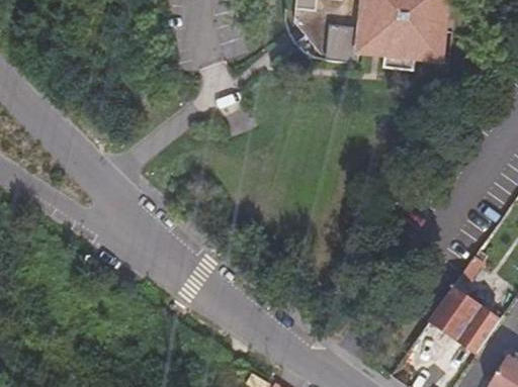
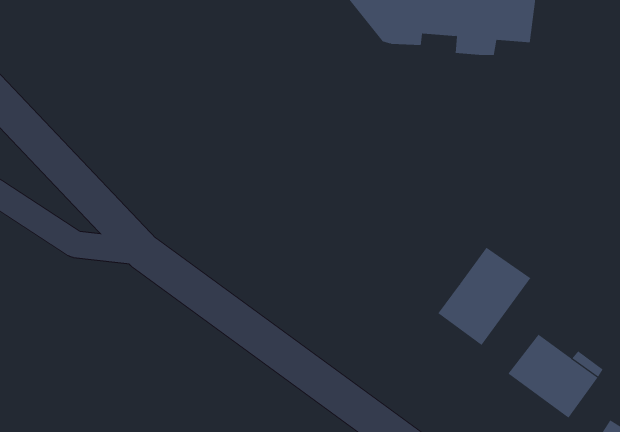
building: none -> [438,247,531,346]

